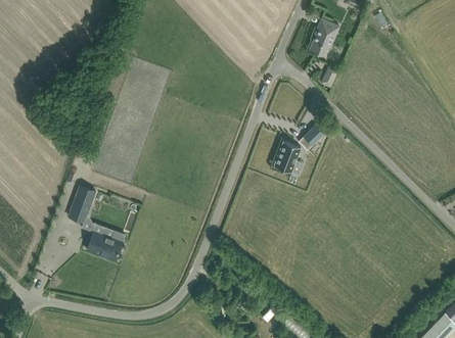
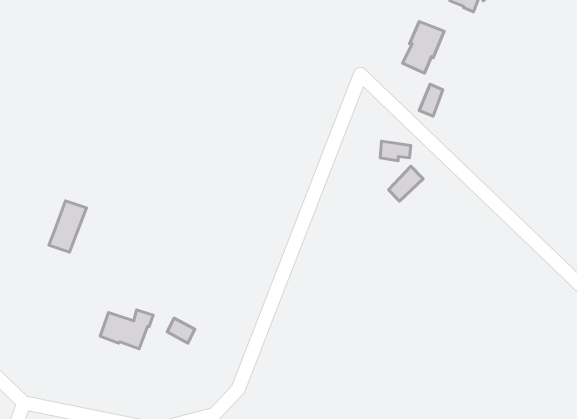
building: [273,141,300,172] -> none
building: [67,184,95,222] -> [49,201,86,252]

